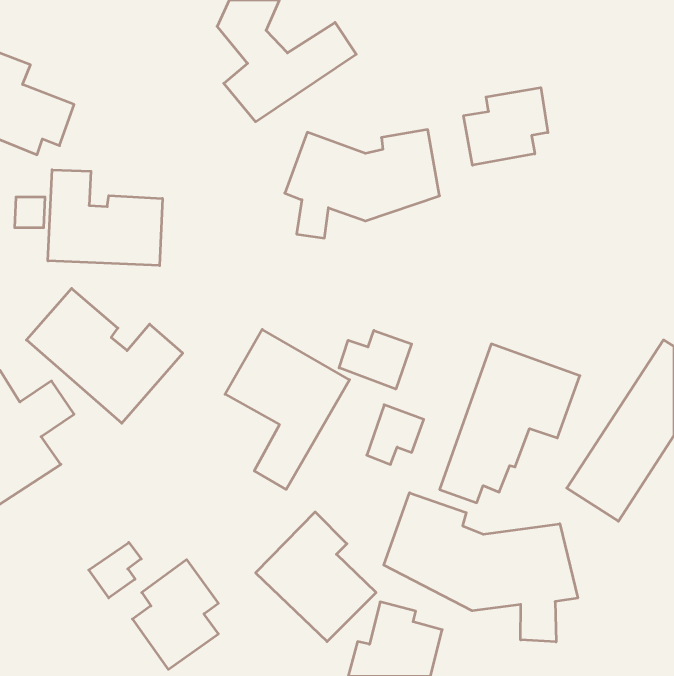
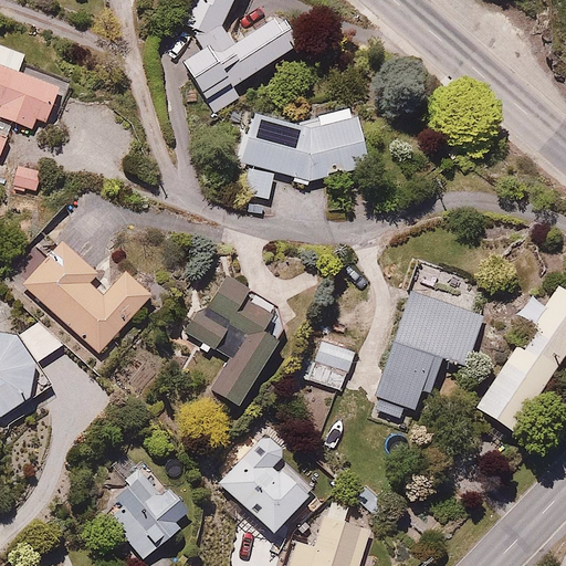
building: [464,88,548,165] -> none
building: [48,170,162,266] -> none
building: [339,330,412,389] -> none
building: [384,493,578,642] -> none
building: [89,542,141,598] -> none

